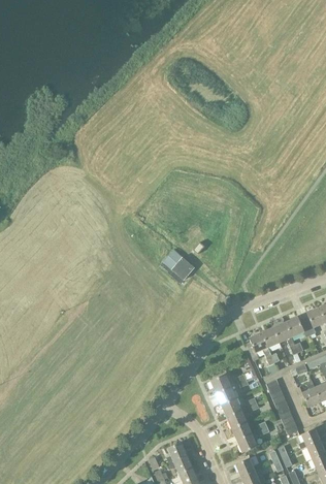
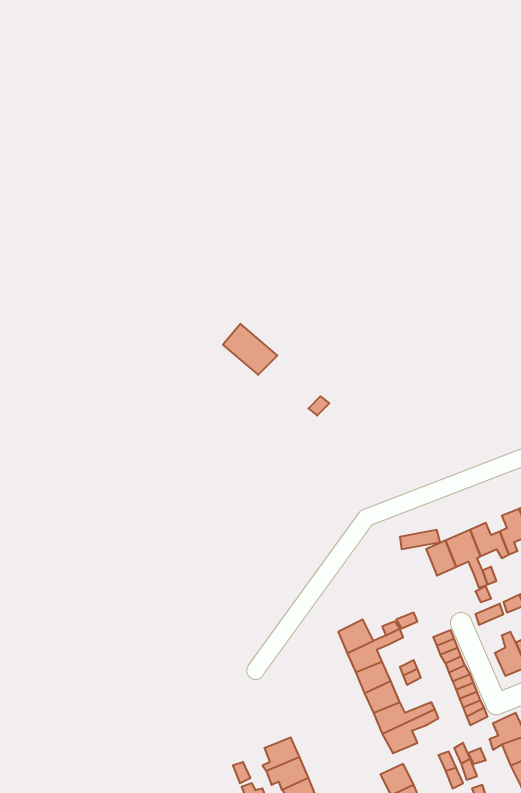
building: [164,250,196,280] -> [223,324,277,375]
building: [249,332,280,375] -> none

